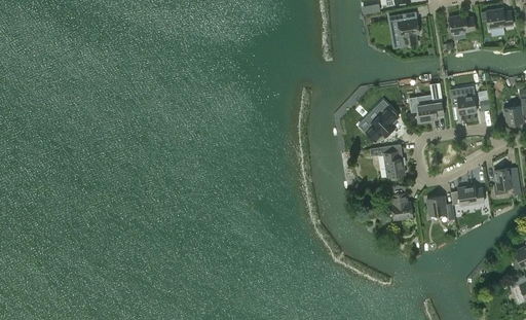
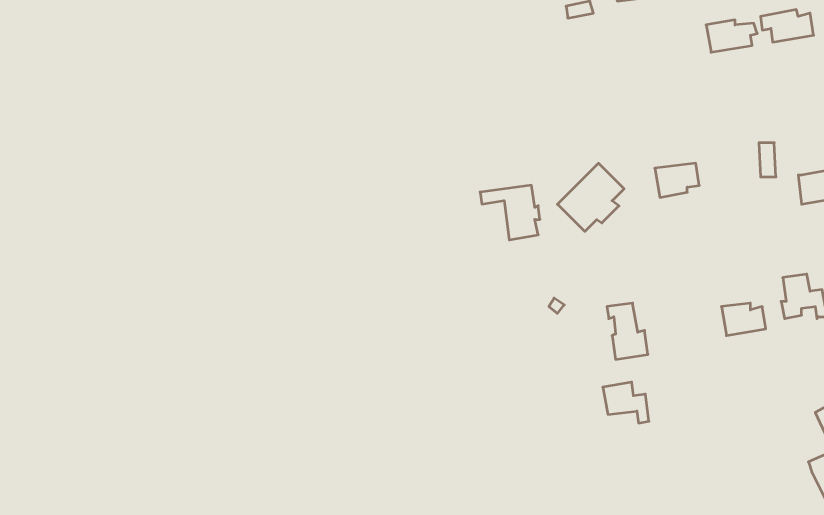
building: [388,13,418,46] -> none
building: [449,90,476,114] -> none
building: [369,144,405,177] -> [480,185,540,240]
building: [425,195,453,220] -> [603,382,649,423]

